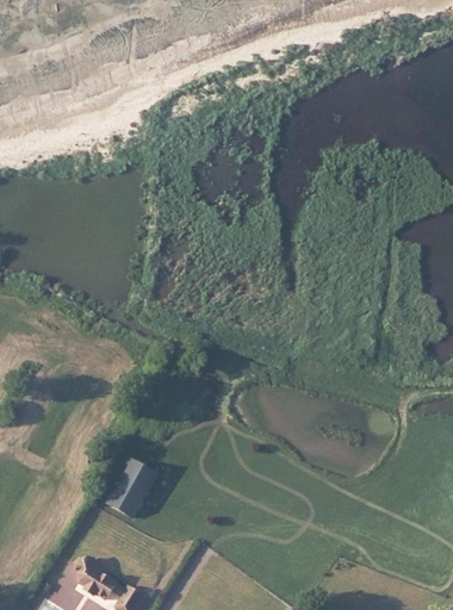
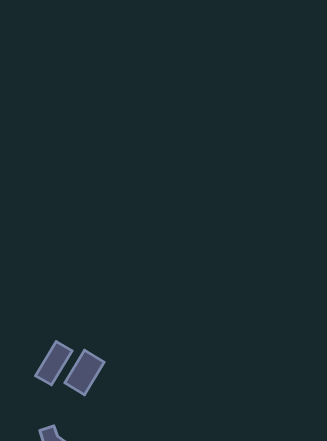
building: none -> [36,341,72,385]

